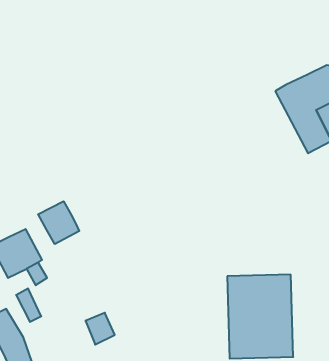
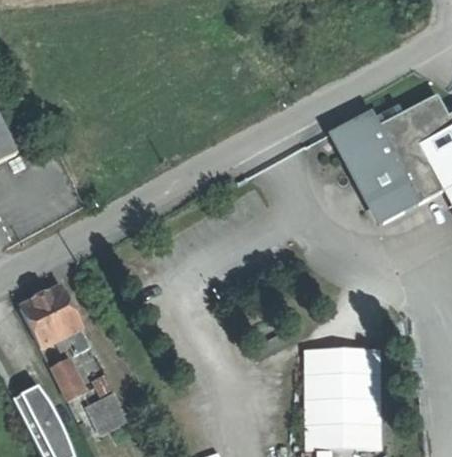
building: none -> [324,103,408,214]
building: [38,201,79,244] -> none
building: [85,313,115,345] -> [87,398,123,437]

